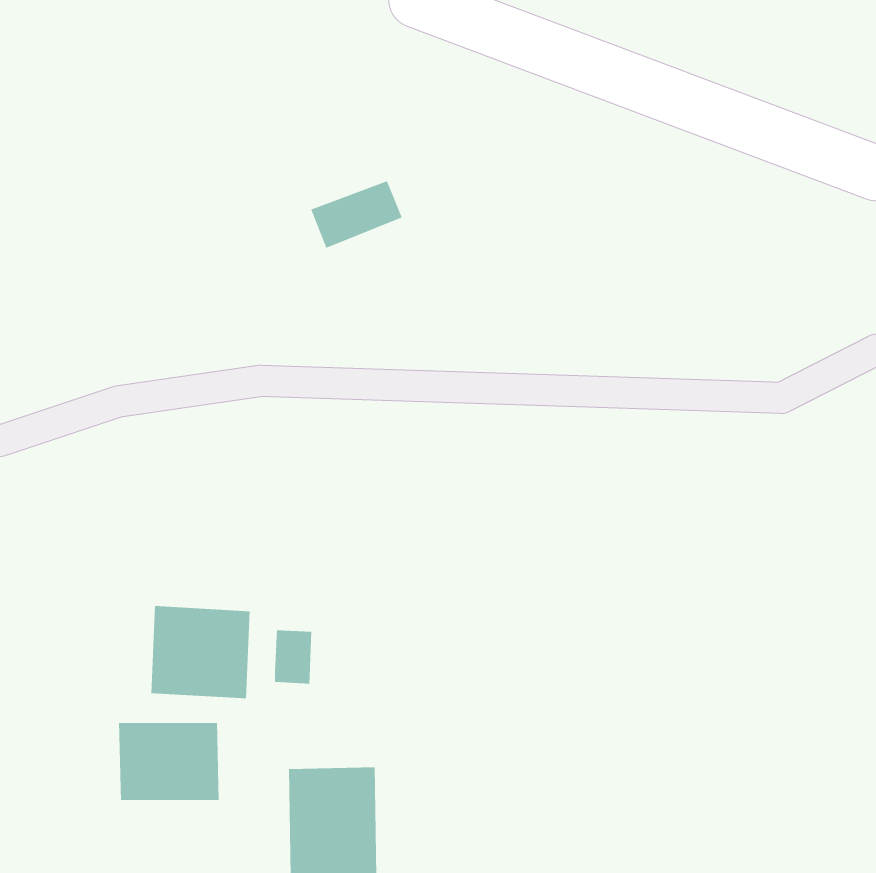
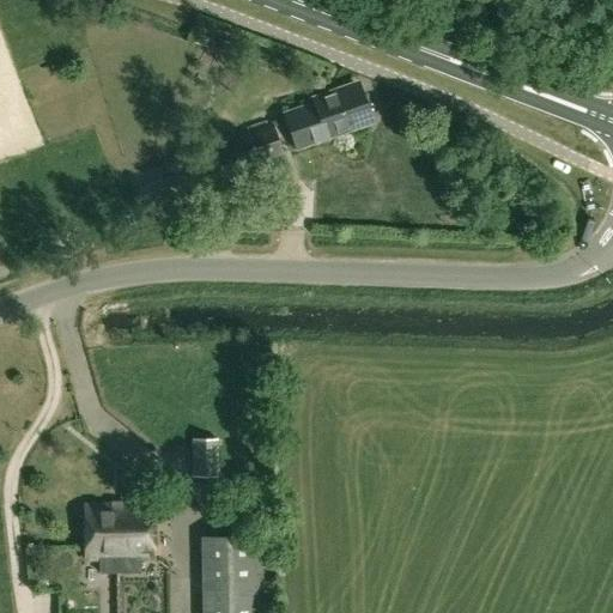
building: none -> [285,86,370,151]
building: [151,605,250,699] -> none

